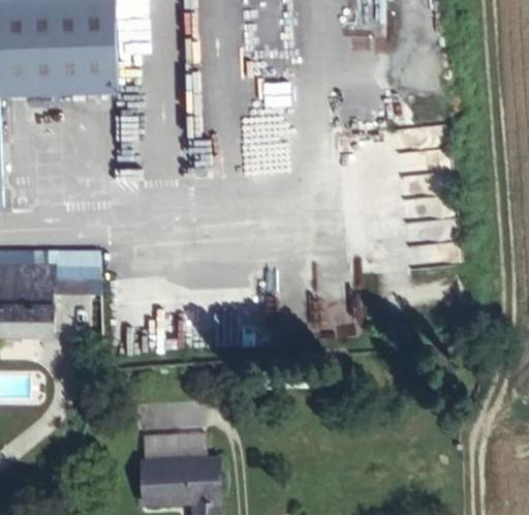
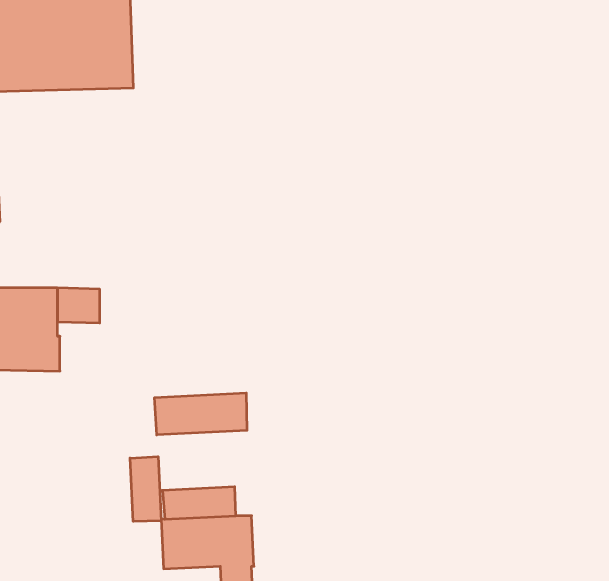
building: none -> [155,393,247,435]
building: none -> [130,457,161,521]

